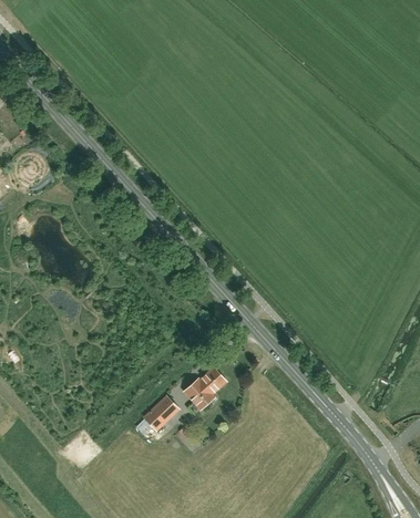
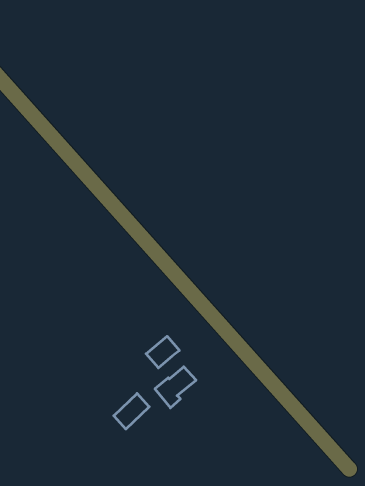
building: none -> [146,336,179,368]

